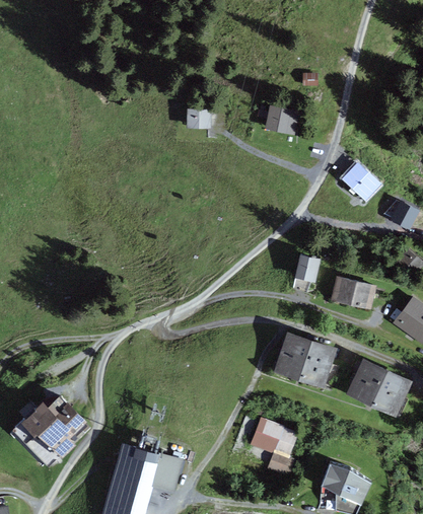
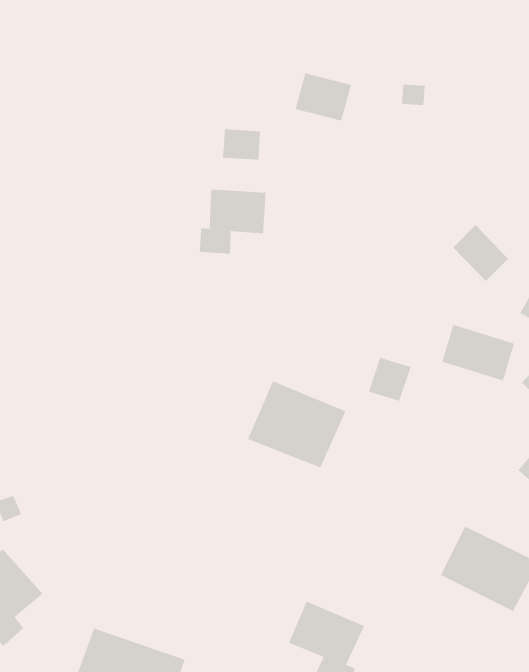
building: [264,104,300,135] -> [295,73,352,121]
building: none -> [199,189,266,254]
building: [329,276,376,311] -> [441,324,515,381]
building: [273,333,337,388] -> [247,380,346,468]

